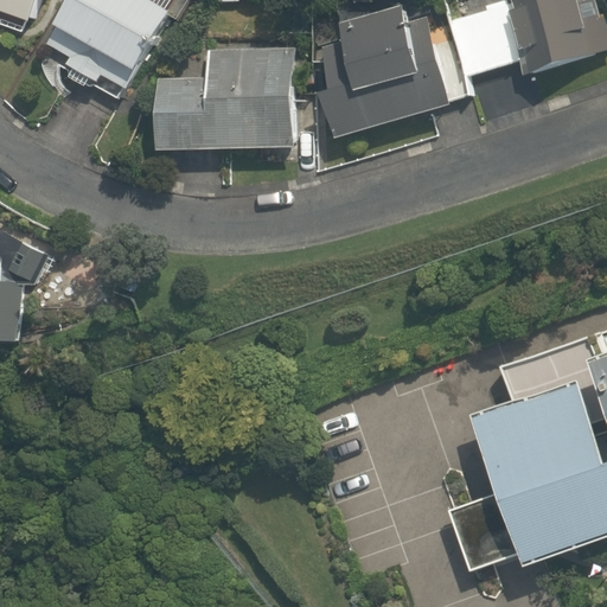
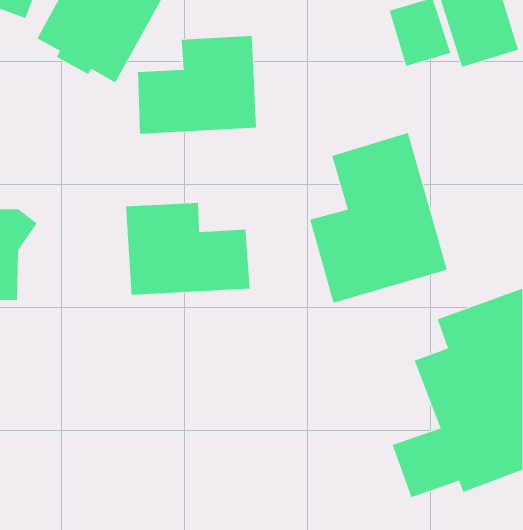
building: [321,6,451,135] -> none
building: none -> [310,132,448,304]
building: none -> [126,202,250,295]

